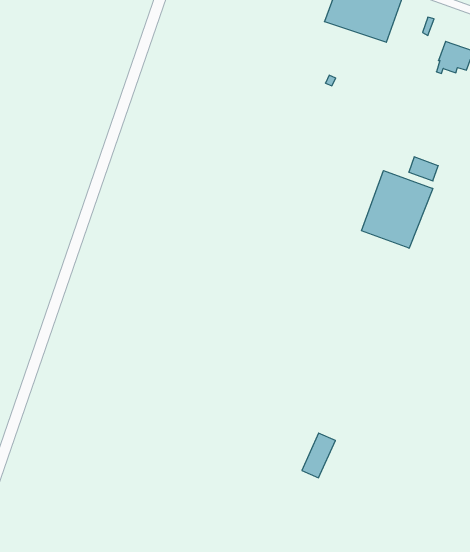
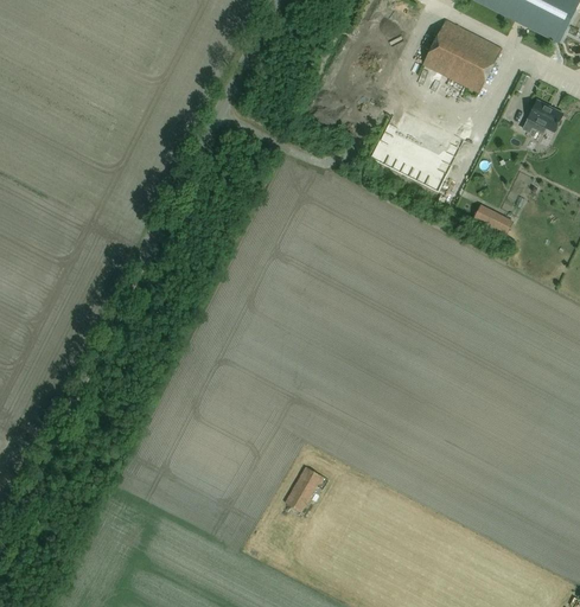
building: [362,171,433,248] -> none
building: [302,433,335,478] -> [285,466,321,510]

